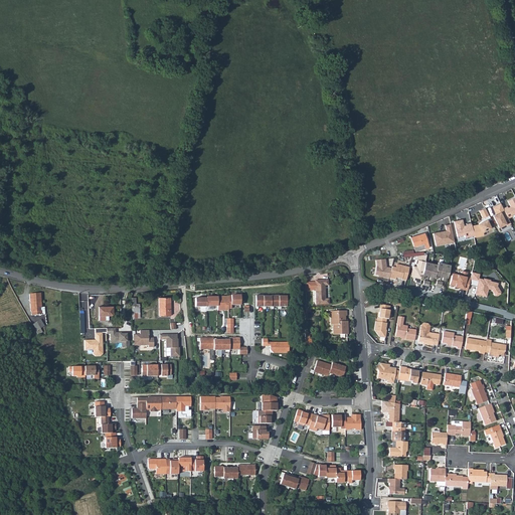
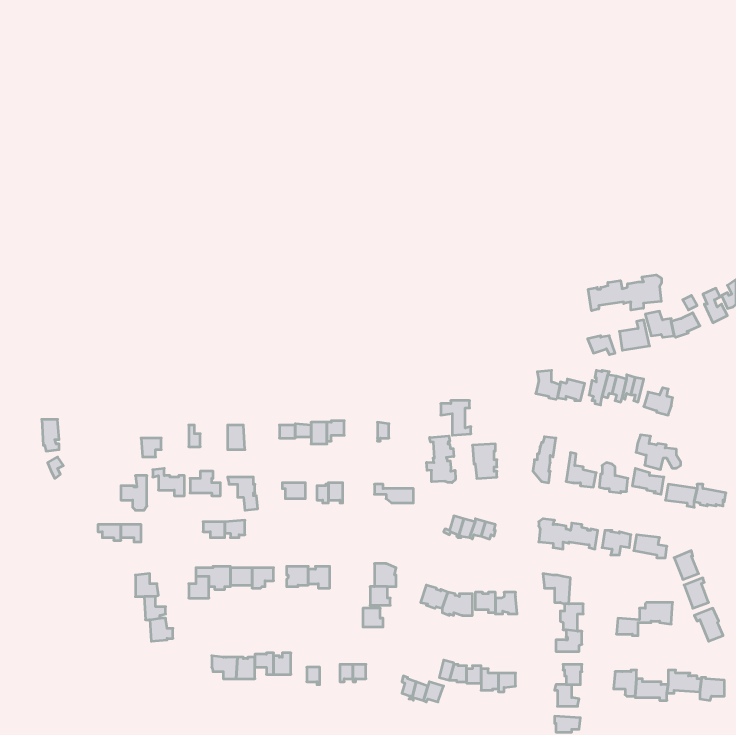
building: none -> [588,275,661,311]
building: [469,272,500,296] -> [636,435,681,469]
building: none -> [427,436,455,483]

